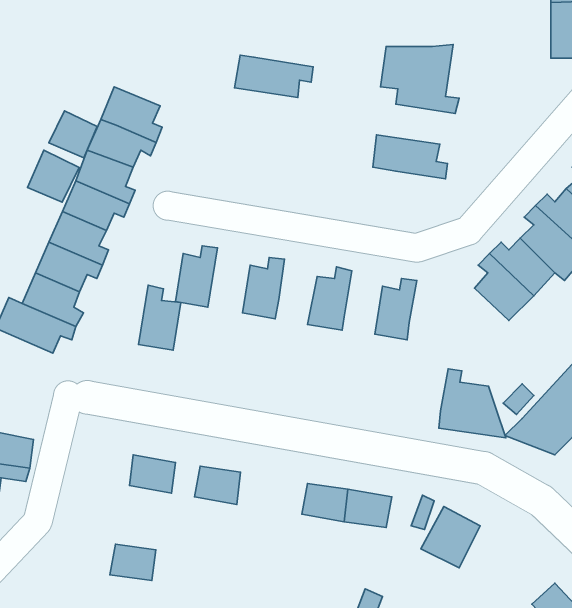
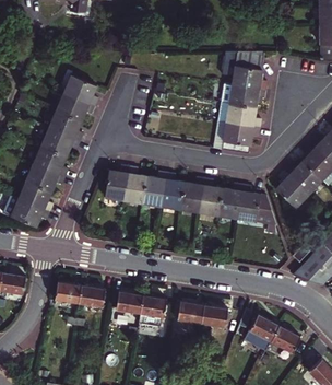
building: [235,55,313,97] -> [220,83,264,107]
building: [49,111,97,158] -> none
building: [28,150,79,202] -> none
building: none -> [213,120,259,153]
building: none -> [162,173,186,210]
building: none -> [200,179,223,215]
building: [139,285,181,350] -> [123,166,147,203]
building: [439,369,506,438] -> [237,185,275,224]
building: none -> [138,294,166,326]
building: none -> [271,325,300,351]
building: [110,544,156,581] -> [55,281,81,302]

